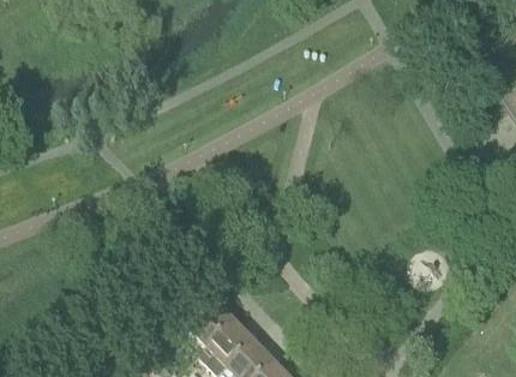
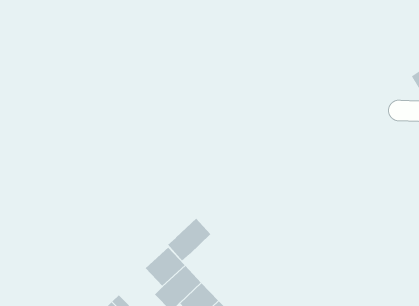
building: none -> [167,218,211,262]

